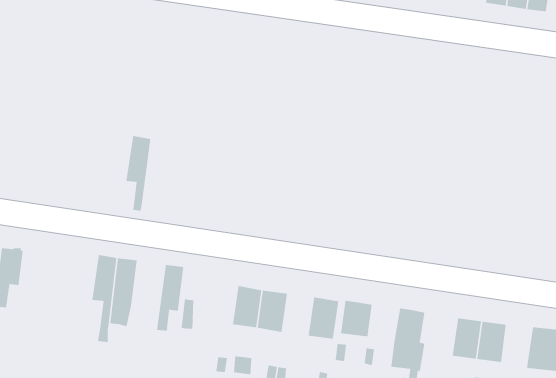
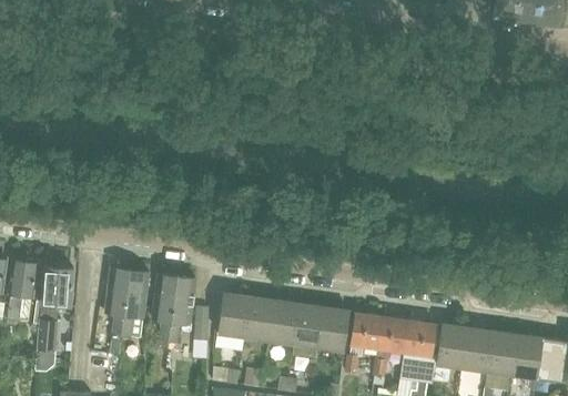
building: [126,136,151,211] -> [151,273,176,348]
building: none -> [33,265,73,349]
building: none -> [217,294,248,336]
building: none -> [293,305,324,347]
building: none -> [378,316,409,352]
building: none -> [435,325,467,367]
building: none -> [511,336,541,377]

